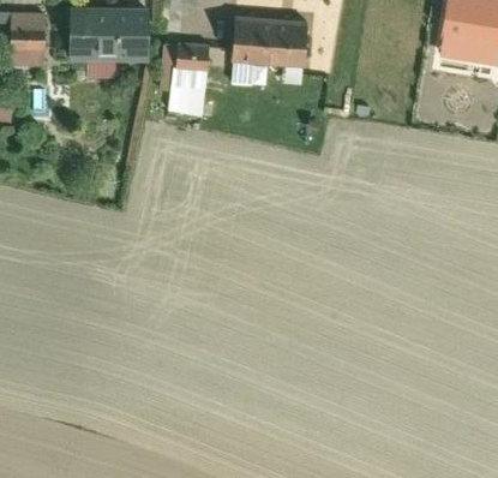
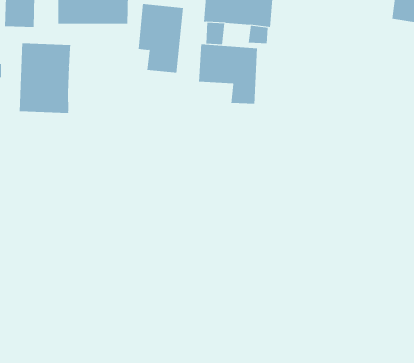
building: none -> [19,43,71,114]
building: none -> [199,44,258,104]

